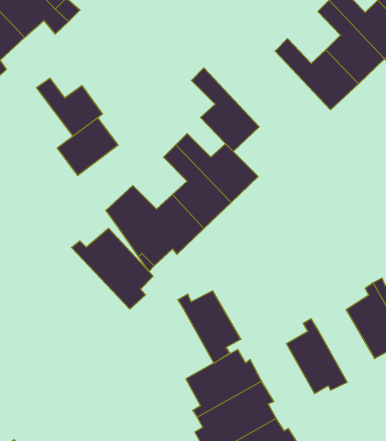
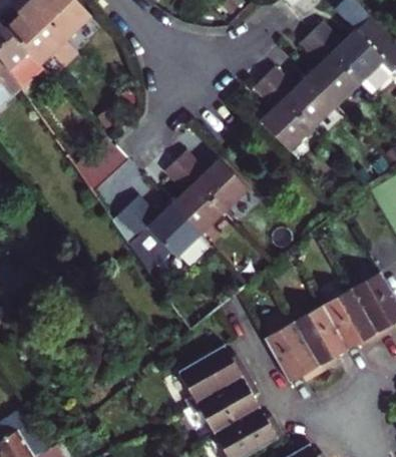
building: [191,68,259,152] -> [252,77,312,151]
building: [37,78,102,136] -> none
building: [71,228,153,309] -> none
building: [178,291,241,363] -> [295,307,351,371]

